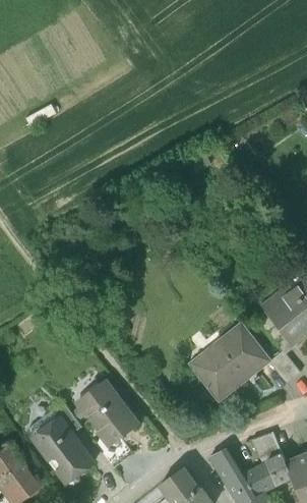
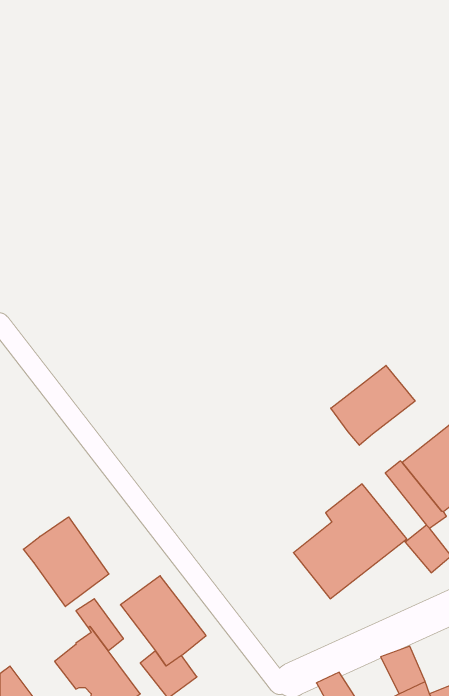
building: none -> [331,365,415,445]
building: none -> [23,517,109,607]

